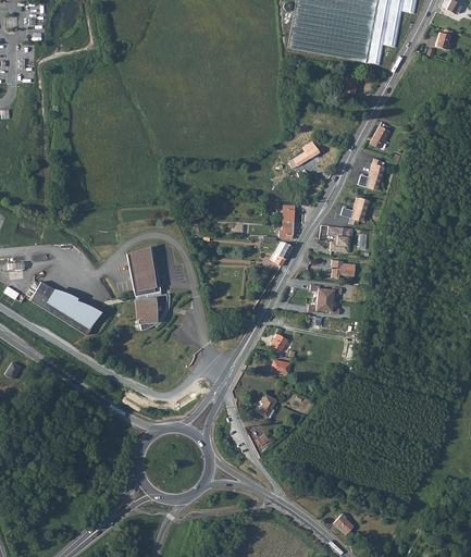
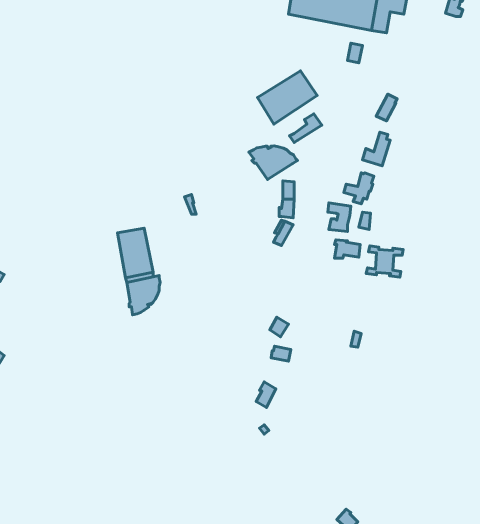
building: none -> [257,71,317,124]
building: none -> [249,146,298,180]
building: [30,278,98,333] -> none
building: [308,284,343,313] -> [366,246,403,277]

